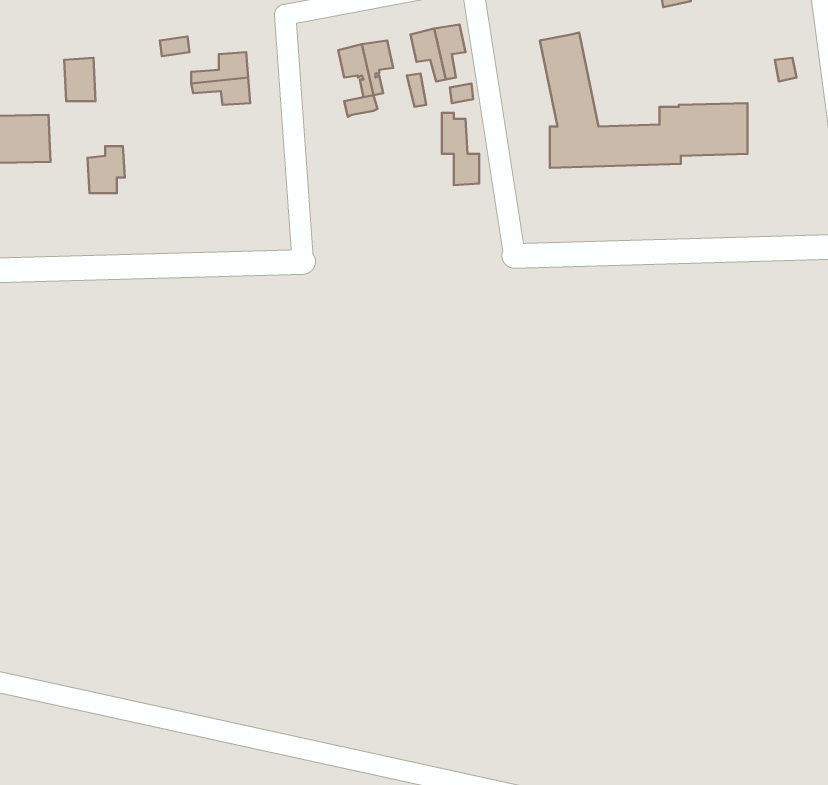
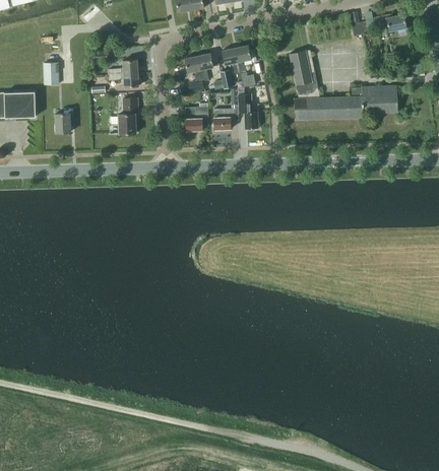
building: none -> [118,97,137,133]
building: none -> [185,107,207,131]
building: none -> [212,108,238,129]

